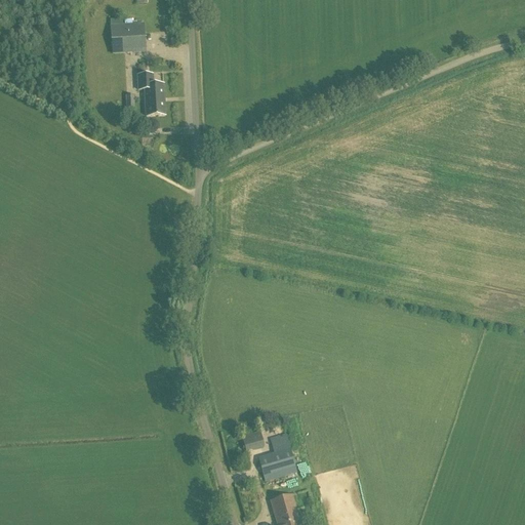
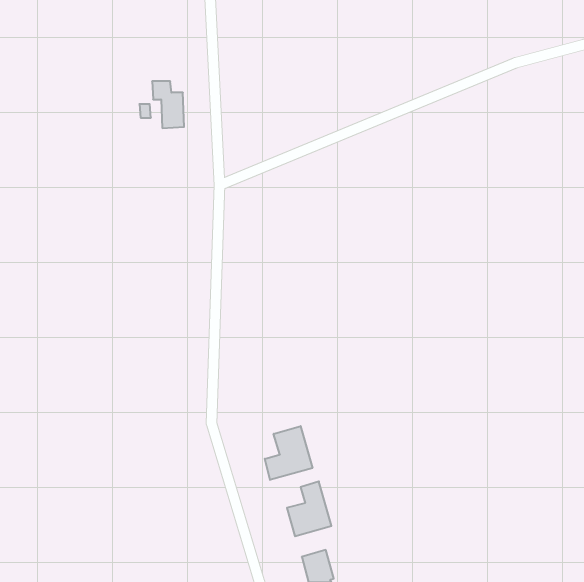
building: [110,22,146,53] -> none
building: none -> [265,426,312,480]

